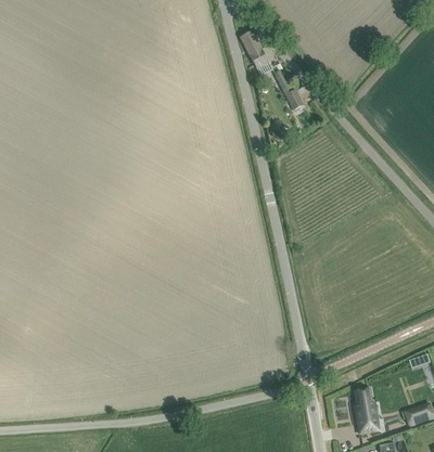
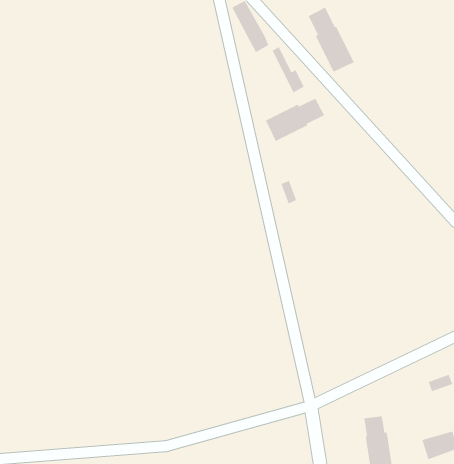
building: none -> [308,7,355,73]
building: none -> [265,98,325,142]

